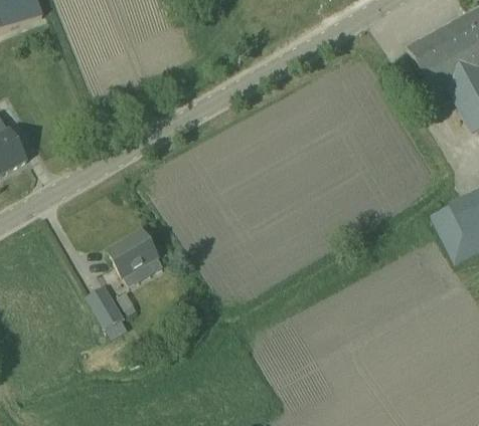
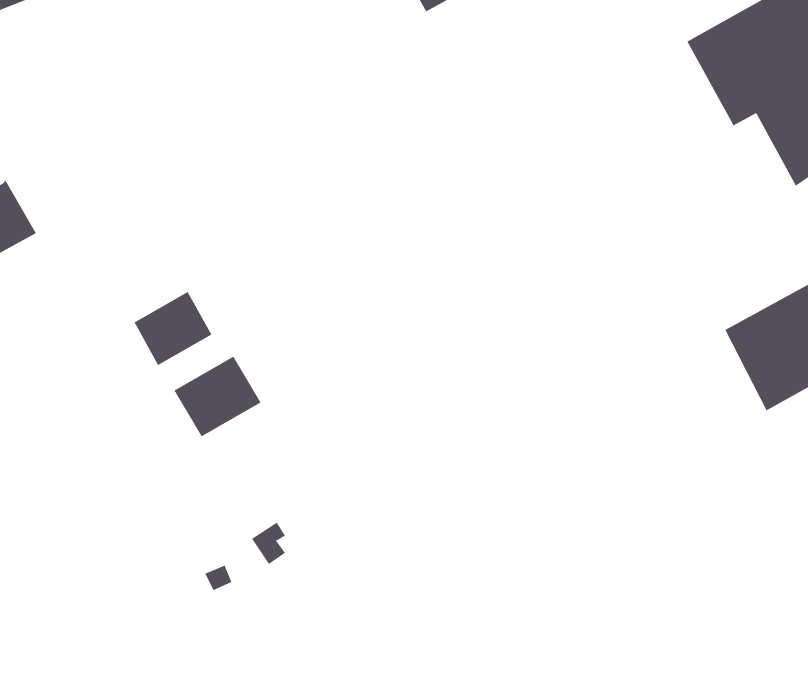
building: none -> [134,291,212,366]
building: [85,283,123,328] -> none

